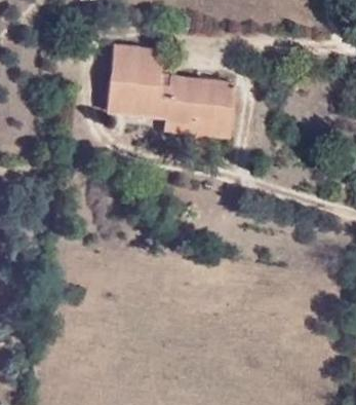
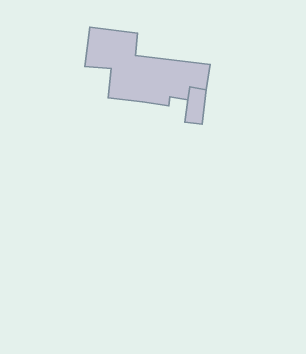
building: [106,83,136,115] -> none
building: [166,114,214,140] -> none

